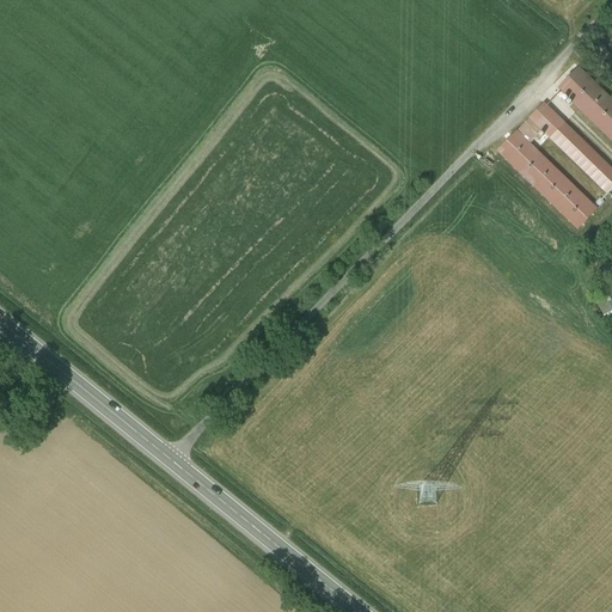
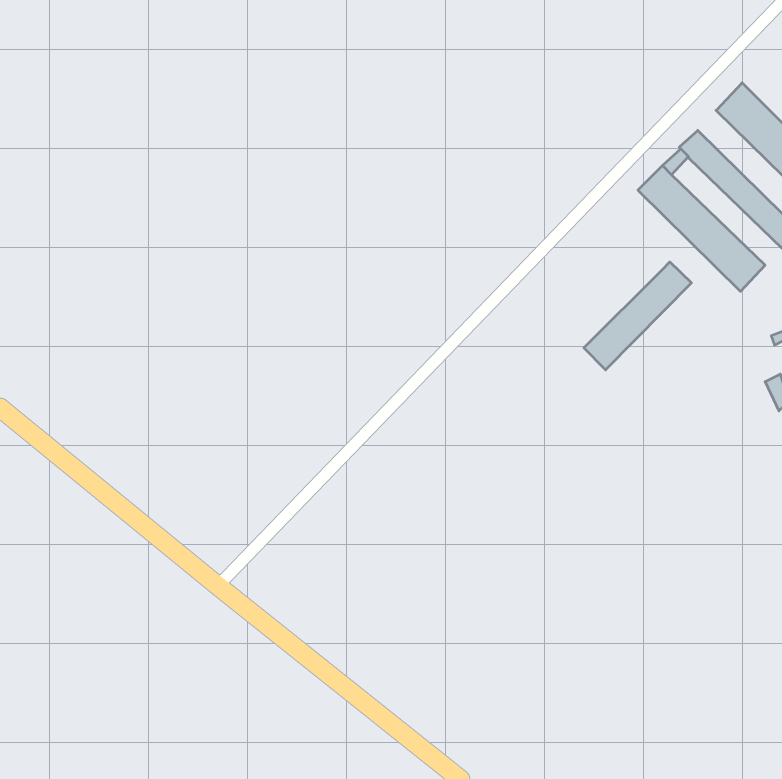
building: none -> [584,262,691,370]

